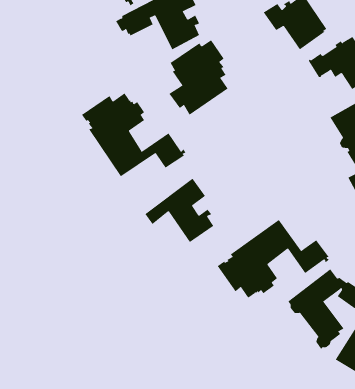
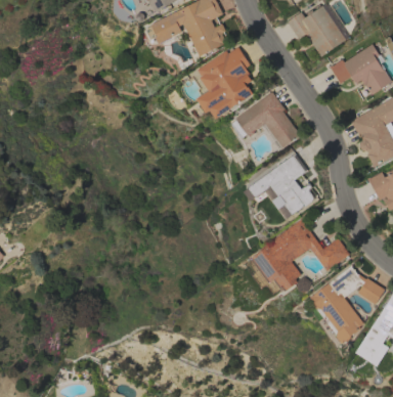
building: none -> [231,92,300,149]
building: [81,93,186,177] -> none
building: [145,178,214,243] -> [249,153,315,216]

